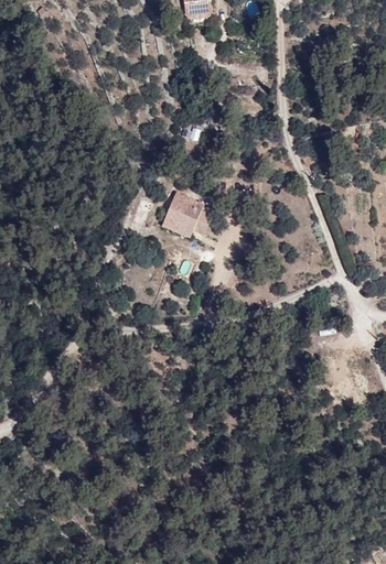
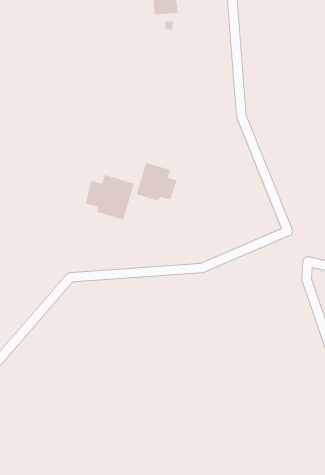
building: none -> [85,174,134,220]

